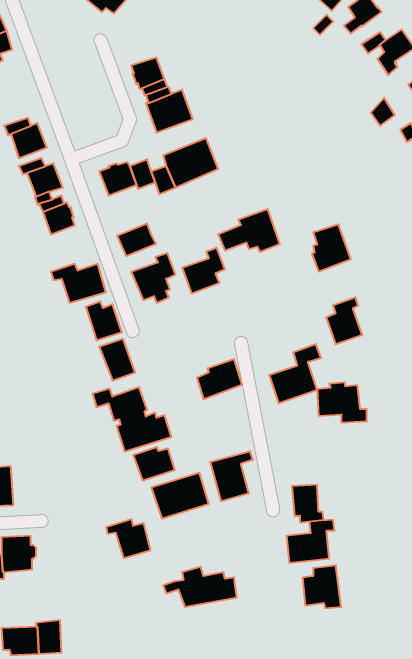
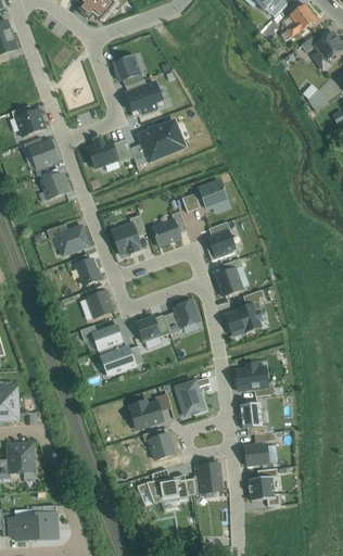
building: [117,223,156,256] -> none
building: [312,224,351,271] -> [207,220,239,258]
building: [326,297,362,344] -> [216,257,245,295]
building: [317,382,367,423] -> [236,362,276,394]
building: [133,447,175,480] -> [137,314,170,341]
building: [106,519,150,558] -> [142,427,178,458]
building: none -> [194,460,226,493]

